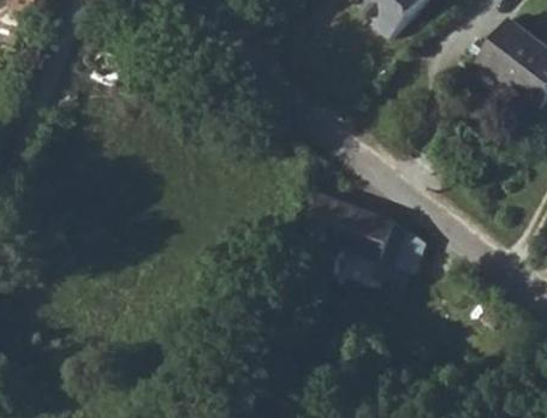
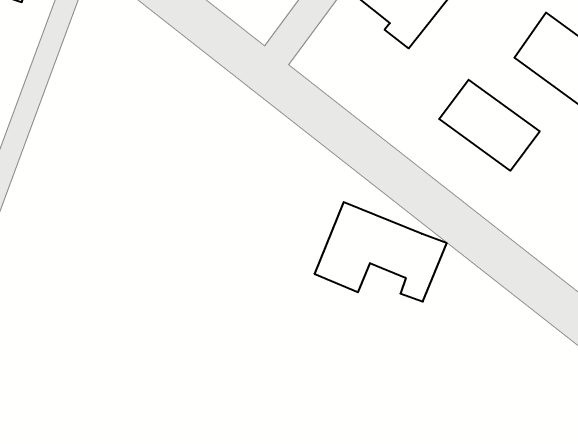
building: none -> [439,80,540,171]

